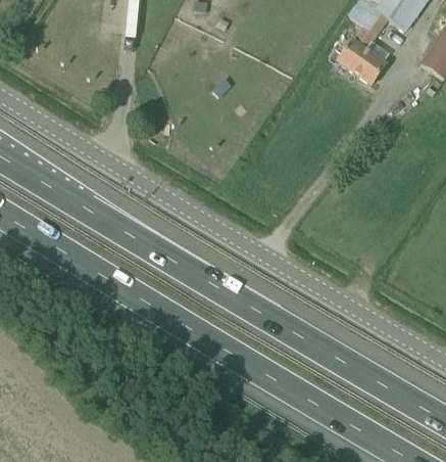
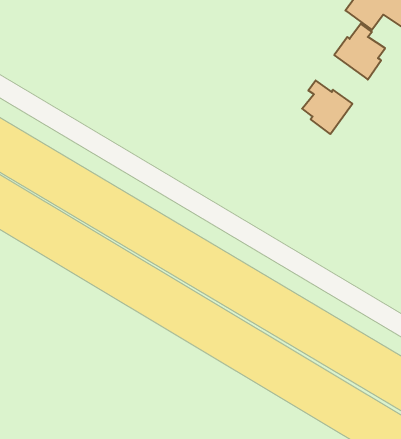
building: none -> [302,80,352,134]

